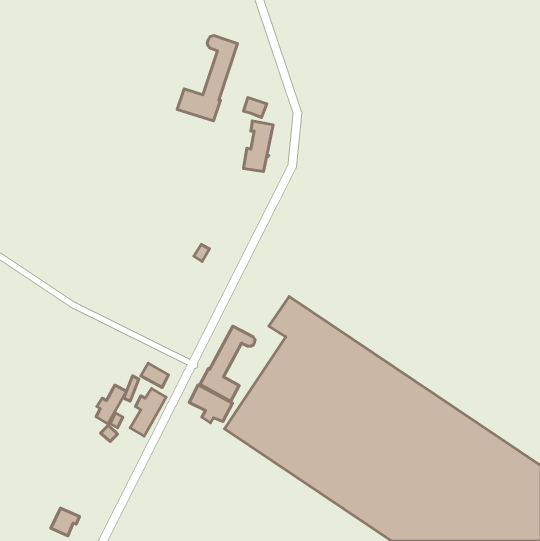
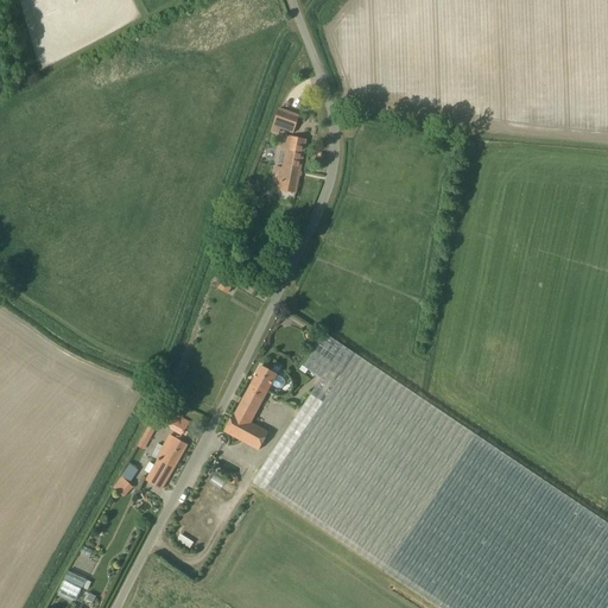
building: [177,35,238,121] -> none
building: [189,385,232,423] -> none
building: [96,385,126,424] -> none

